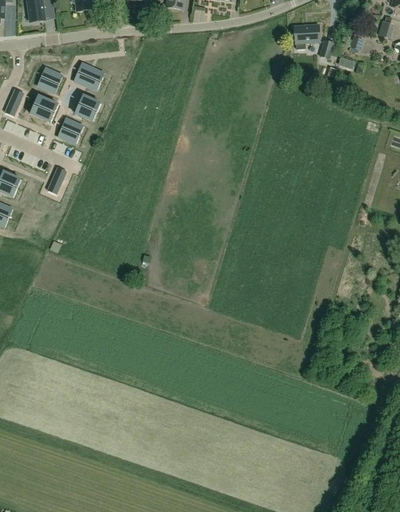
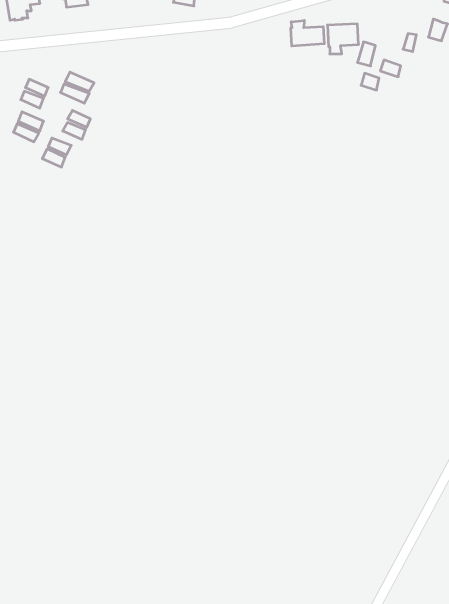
building: none -> [291,20,324,46]

